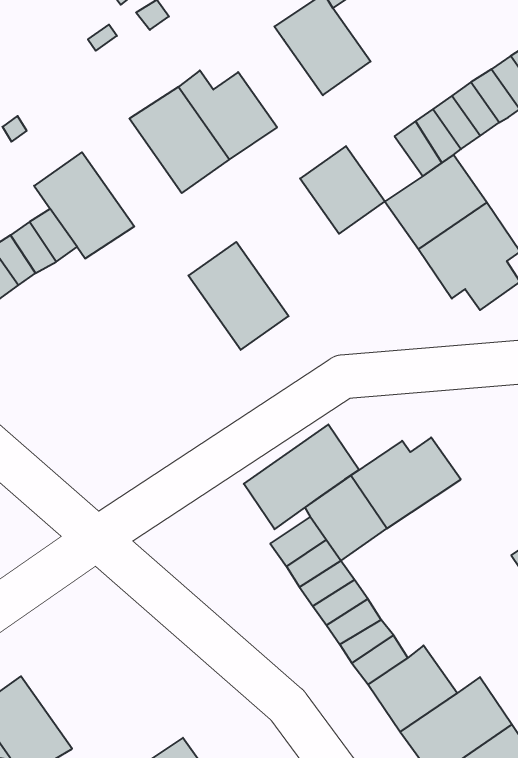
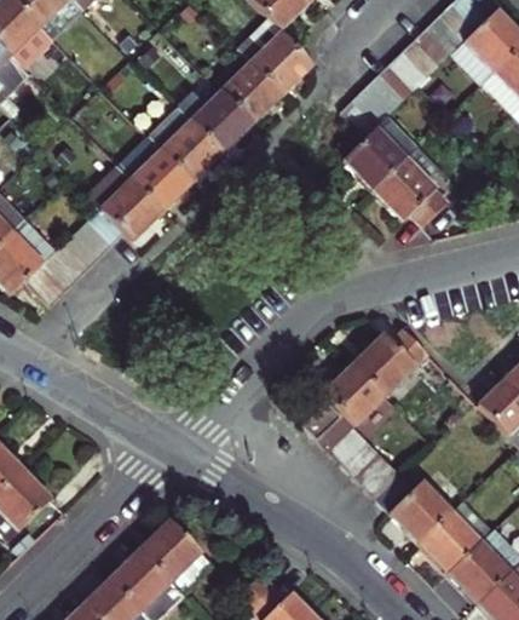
building: [300,146,385,234] -> [219,58,283,122]
building: [188,242,289,350] -> [116,134,194,212]
building: [244,424,359,529] -> none
building: none -> [138,522,213,597]

